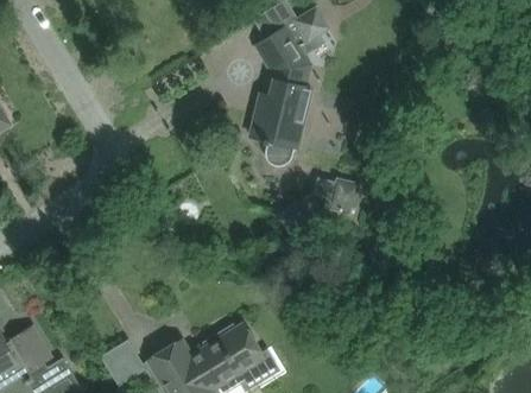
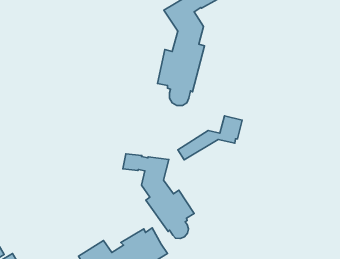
building: none -> [123,154,194,239]

